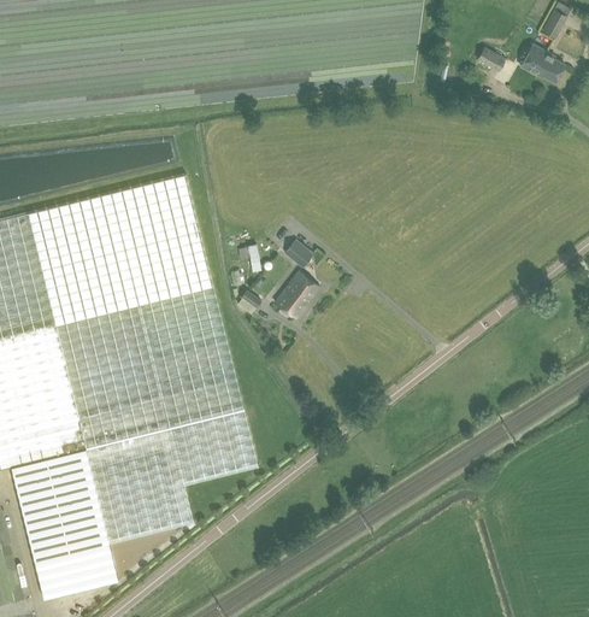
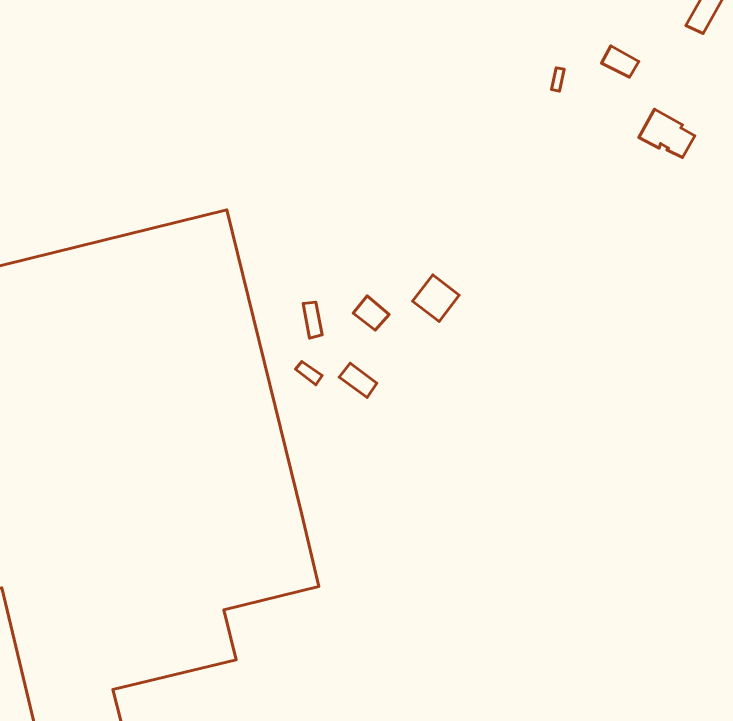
building: [518,46,561,83] -> [639,109,695,158]
building: [281,272,317,308] -> [412,275,459,322]

